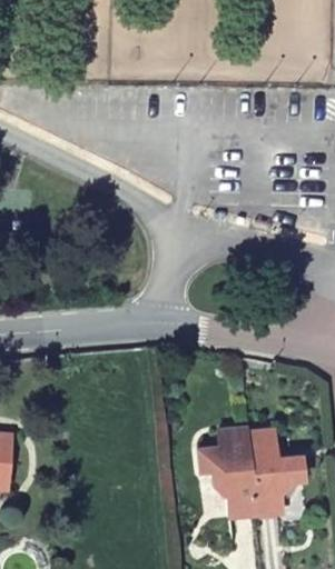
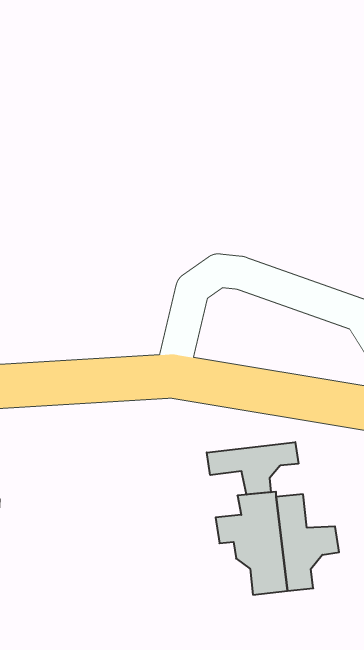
building: none -> [207,442,298,495]

